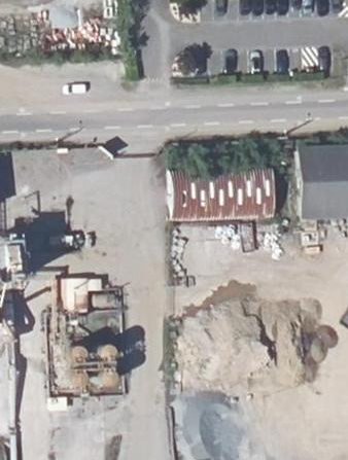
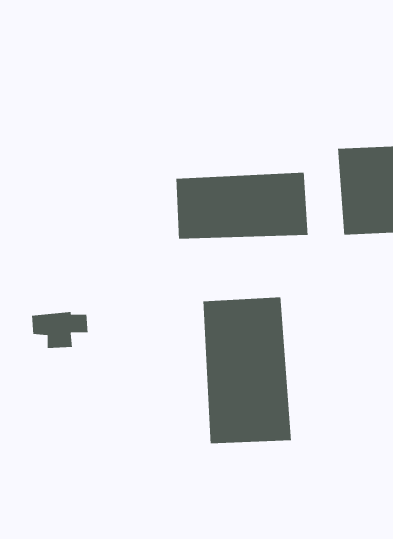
building: none -> [203,296,292,444]

